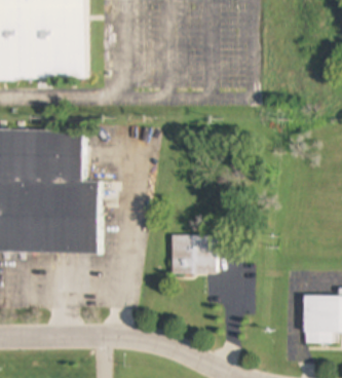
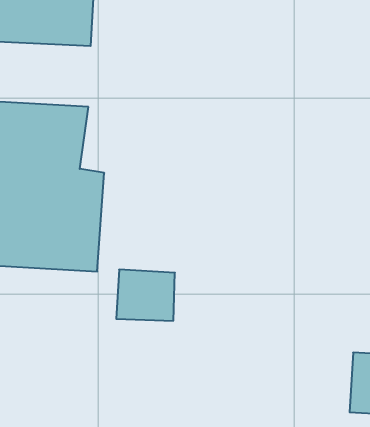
building: [172,241,217,280] -> [116,270,175,321]

